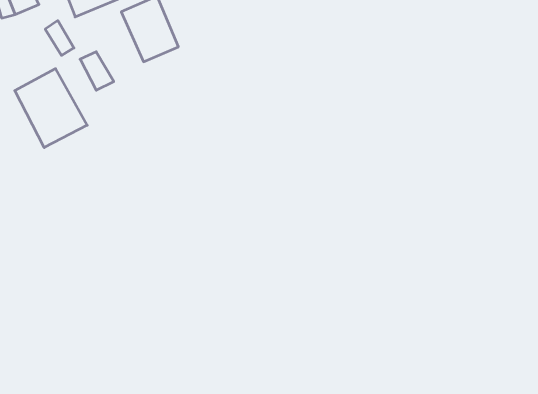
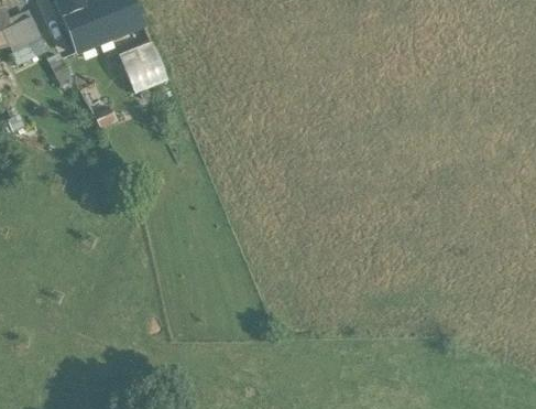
building: [15,69,87,148] -> none

